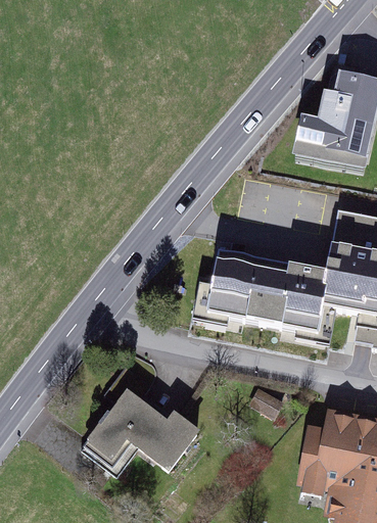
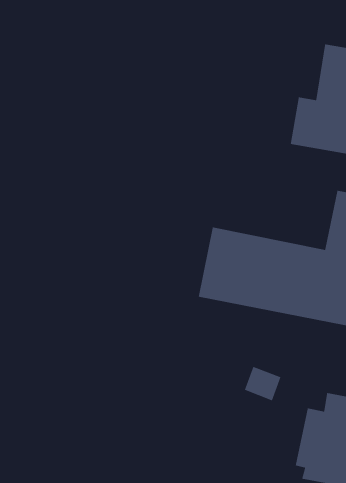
building: [78,364,203,479] -> none

